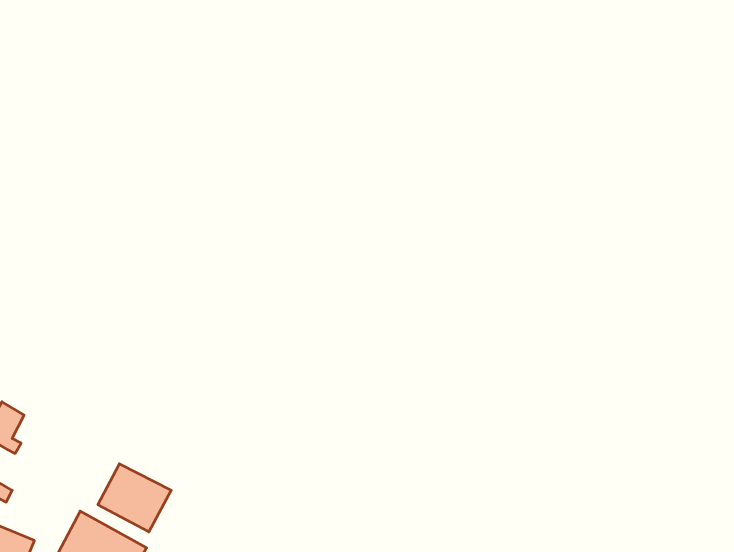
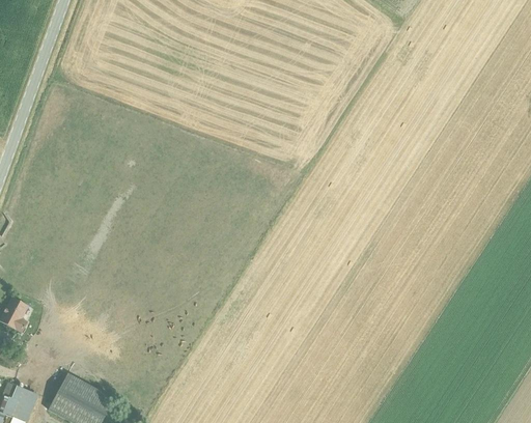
building: [98,464,171,532] -> none

